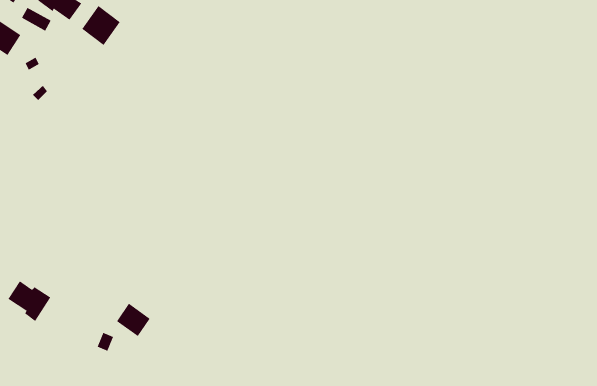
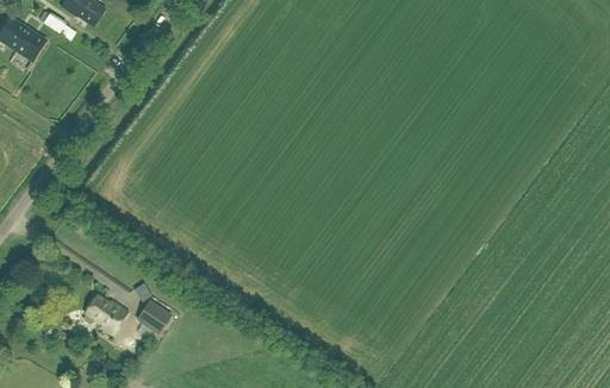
building: [81,5,121,46] -> none
building: [7,280,51,322] -> [83,294,126,334]

